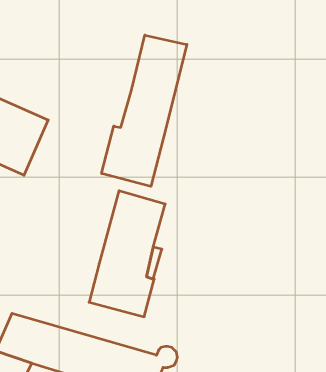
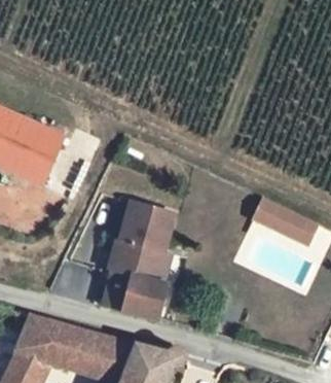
building: [102,35,187,186] -> none
building: none -> [249,197,319,246]

